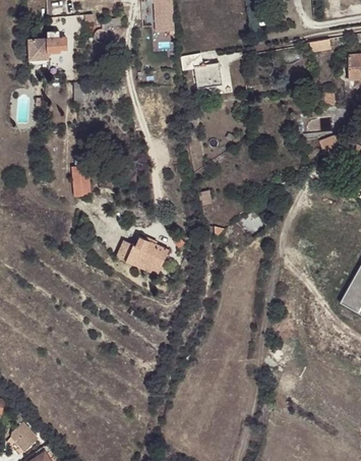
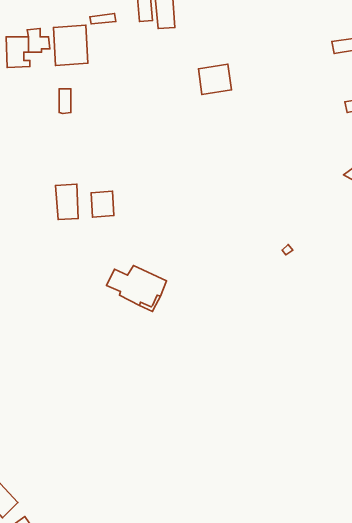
building: none -> [53,25,88,66]
building: none -> [91,191,114,217]

